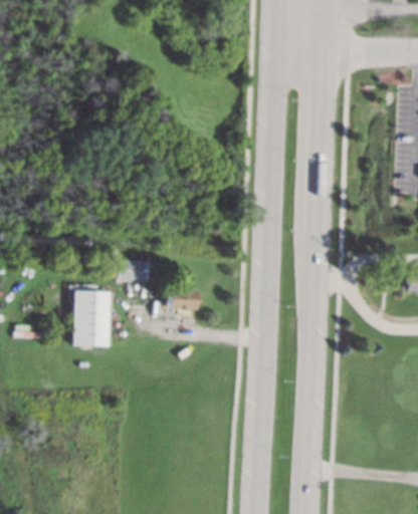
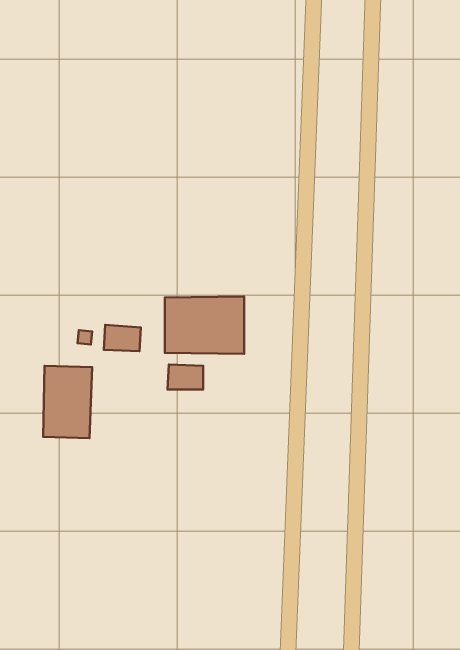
building: none -> [165,297,244,354]

